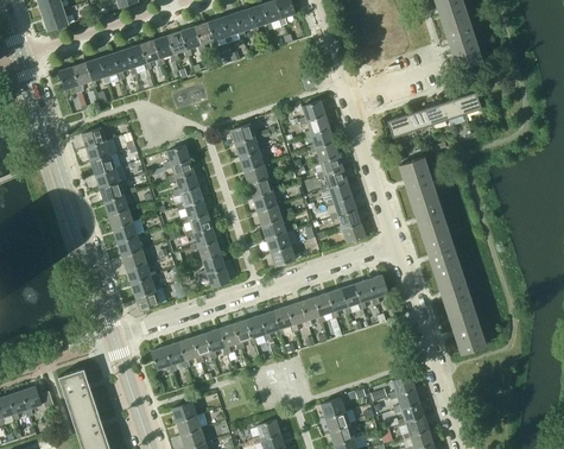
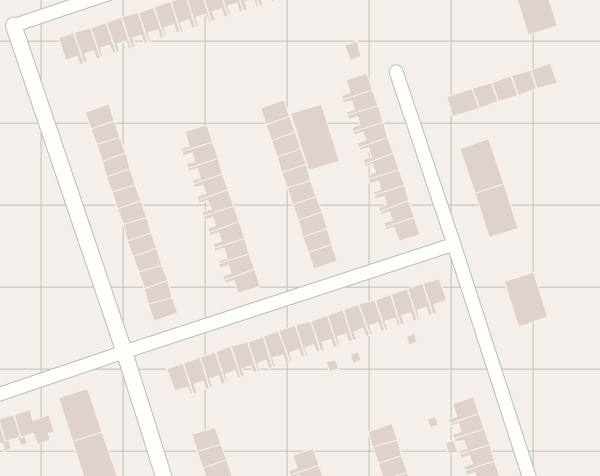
building: none -> [290,104,340,171]
building: [423,232,461,277] -> none
building: [448,306,484,352] -> none

